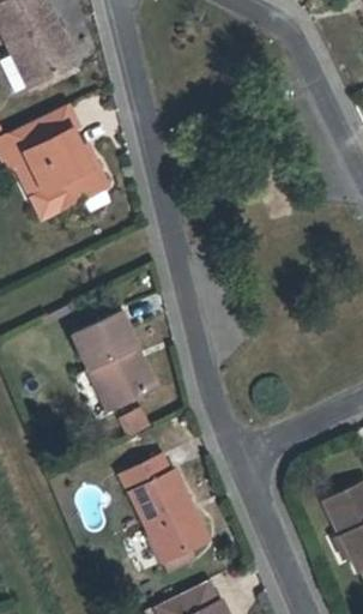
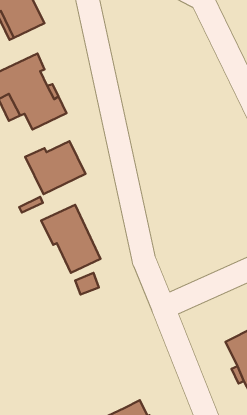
building: none -> [25,141,85,194]
building: [121,453,206,571] -> none

